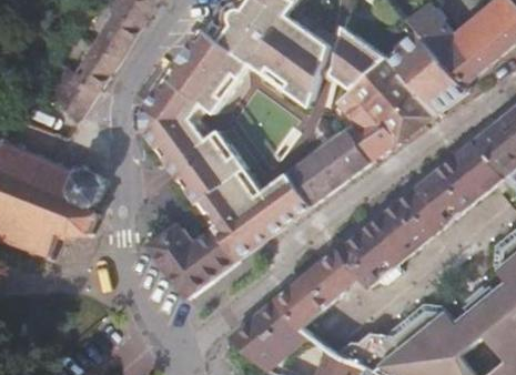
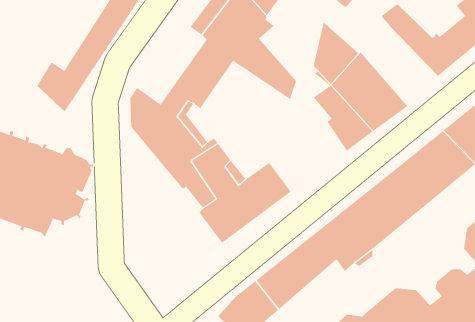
building: [151,28,223,112] -> none
building: [280,30,328,88] -> none
building: [386,30,469,114] -> none
building: [290,131,371,204] -> none
building: [145,225,240,297] -> none

